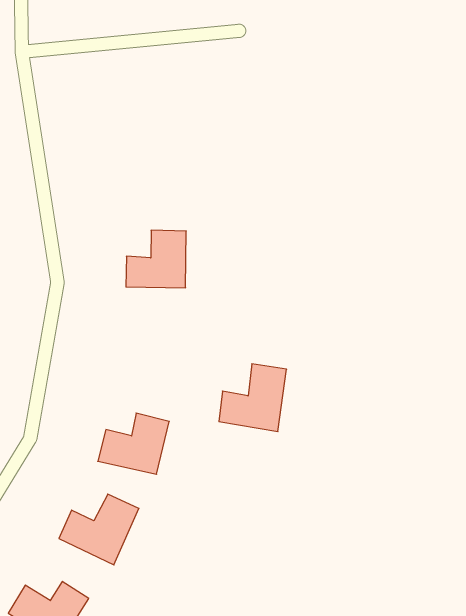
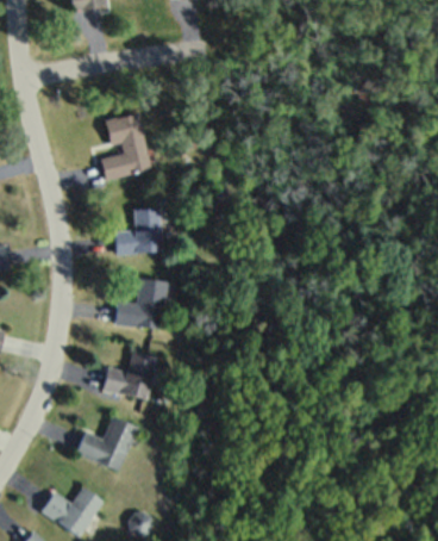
building: none -> [100,113,150,179]
building: [219,364,287,432] -> [115,278,165,329]

